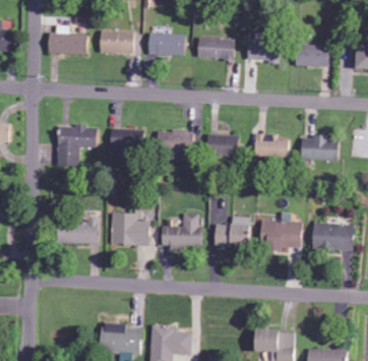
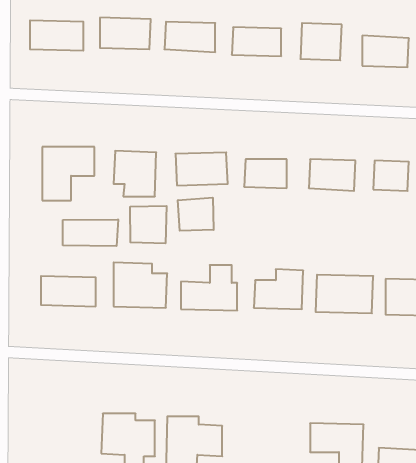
building: none -> [178,198,214,231]
building: none -> [130,206,167,243]
building: none -> [63,219,118,246]

